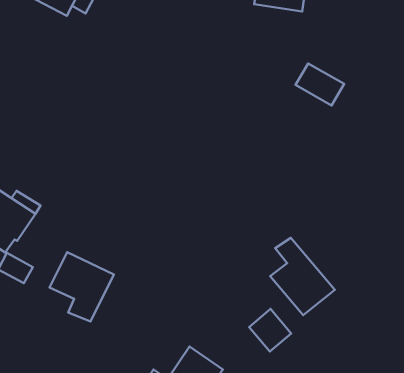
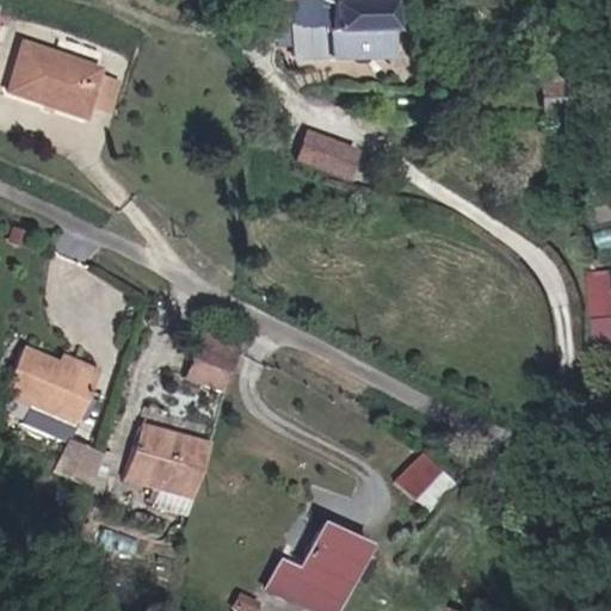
building: [296,63,344,106] -> [296,131,359,181]
building: none -> [186,347,233,390]
building: [270,238,335,315] -> none

